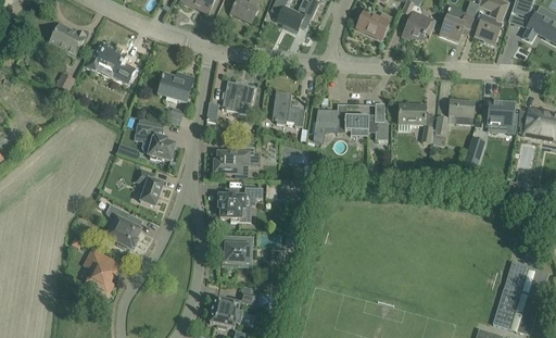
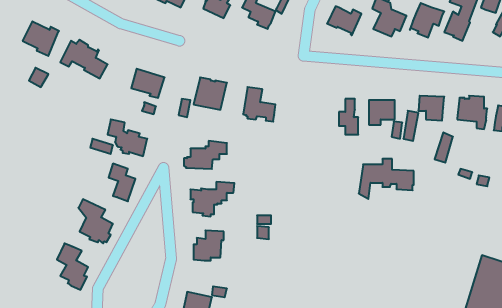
building: [313,103,368,143] -> [359,159,414,199]

